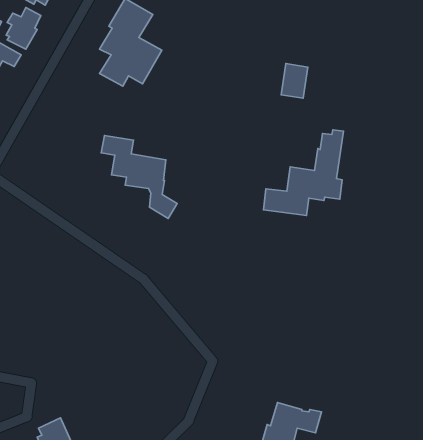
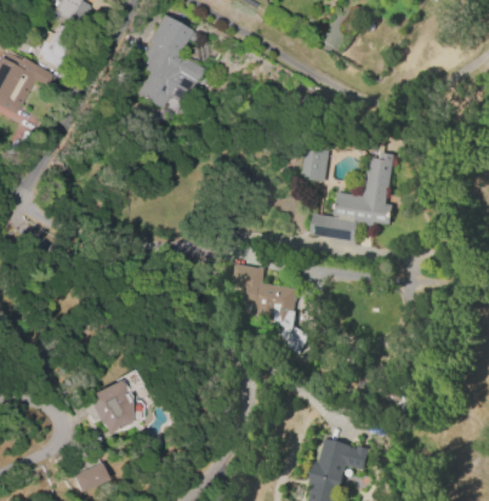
building: [281,64,308,98] -> [301,146,329,182]
building: [101,135,177,219] -> [227,264,307,352]
building: none -> [86,381,131,433]

